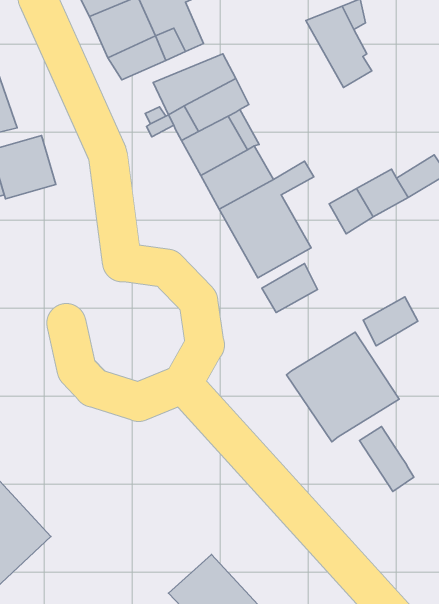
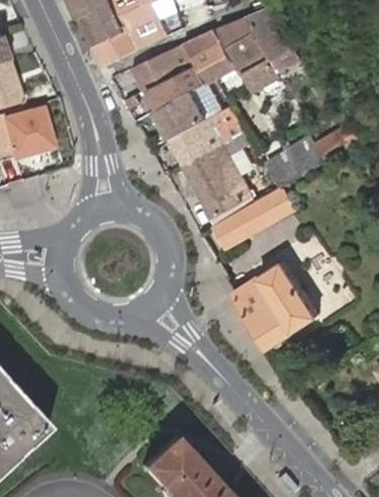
building: none -> [224,17,279,84]
building: none -> [185,30,235,83]
building: [363,297,418,346] -> [249,189,291,228]
building: [359,427,414,492] -> none

